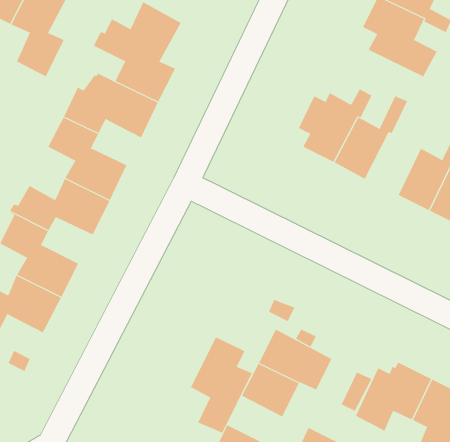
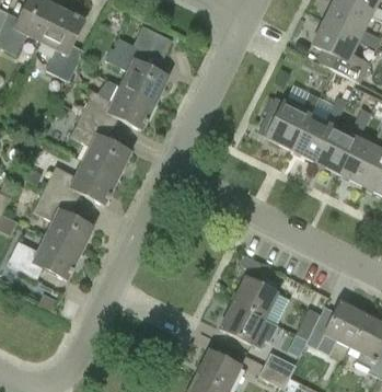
building: none -> [314,108,371,173]
building: [190,337,253,433] -> none

